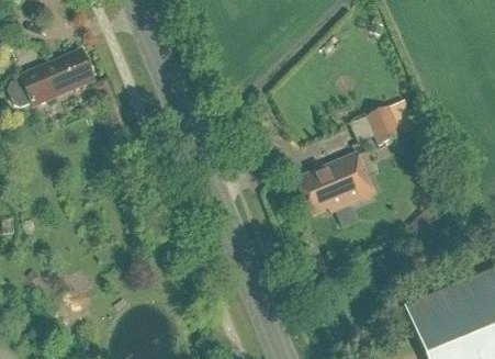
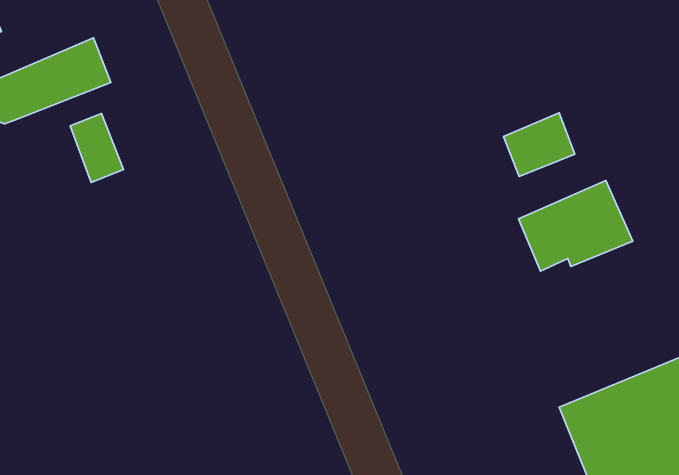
building: none -> [70,114,123,183]
building: [295,152,374,214] -> [518,181,633,271]

